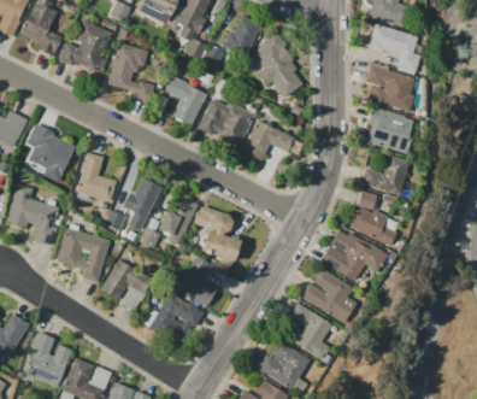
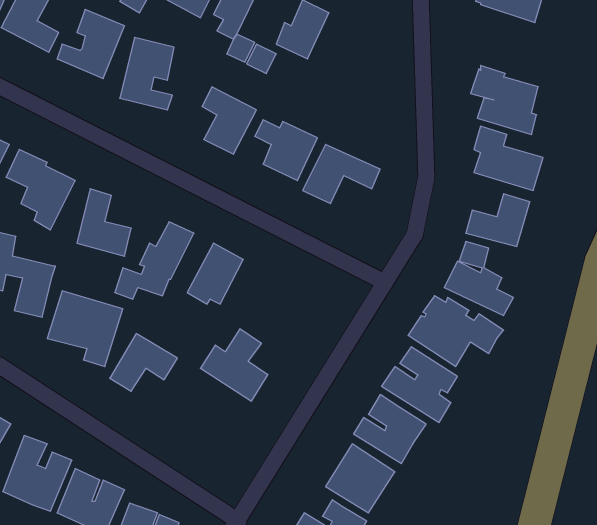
building: [367,23,422,72] -> none
building: [253,34,302,98] -> none
building: [194,206,241,262] -> none
building: [141,300,202,340] -> none

